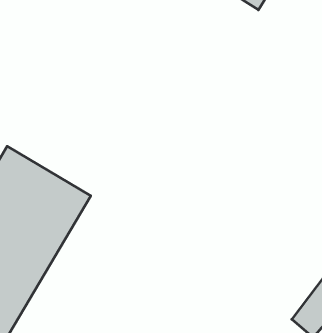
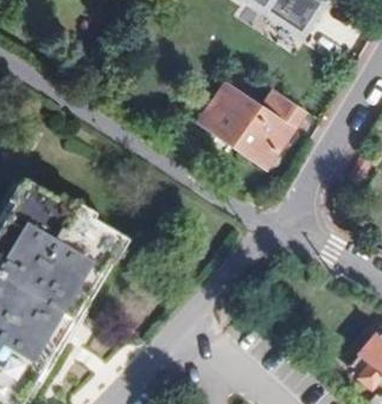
building: none -> [196,84,298,163]

